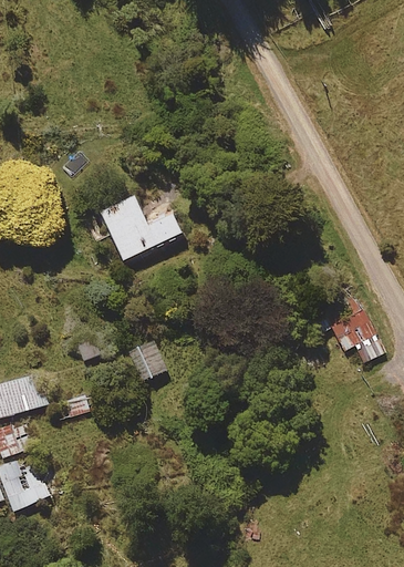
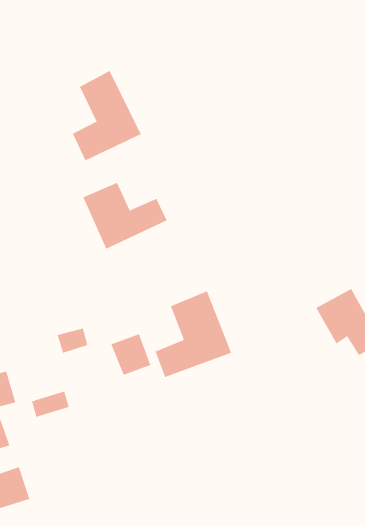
building: none -> [72,70,142,161]
building: none -> [155,291,232,378]

